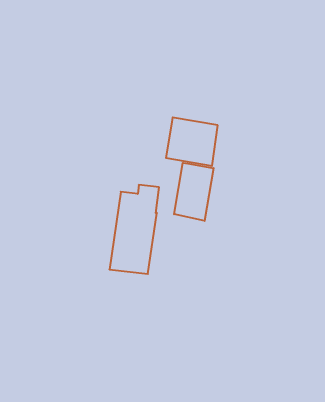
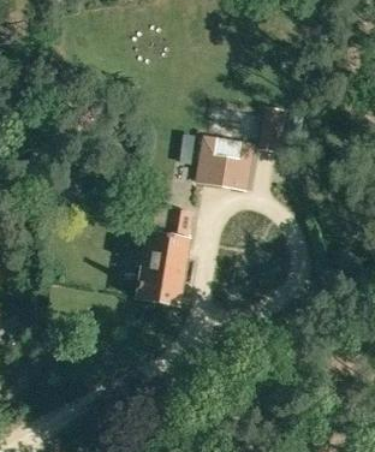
building: [174,163,214,221] -> none

